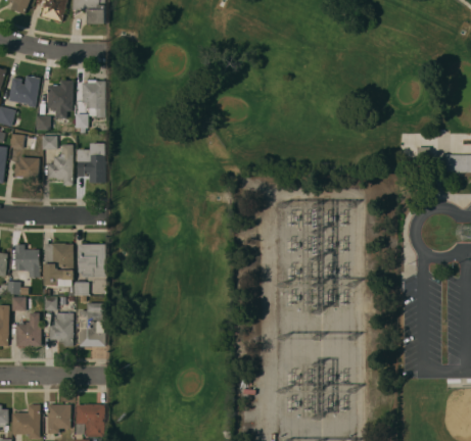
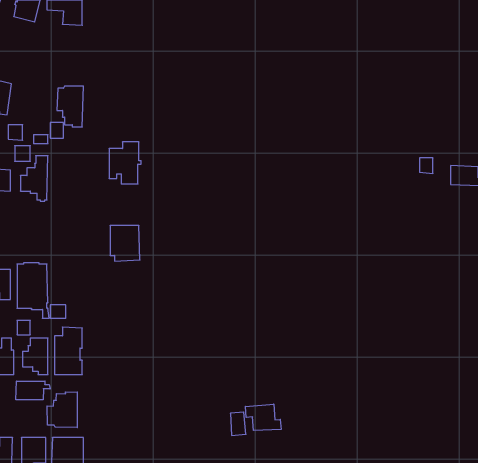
building: [46,80,73,117] -> none
building: [78,143,107,182] -> [109,142,141,184]
building: [78,244,105,277] -> [110,226,140,261]
building: none -> [16,381,50,400]
building: none -> [47,392,77,428]
building: none -> [245,404,281,430]

